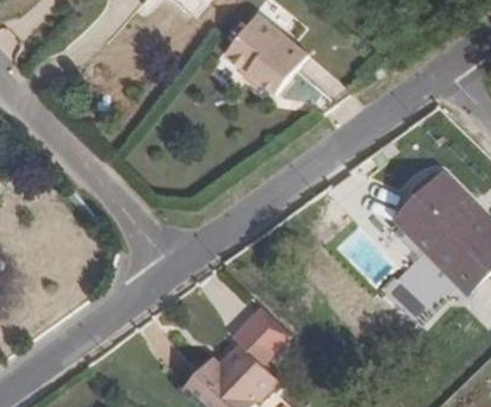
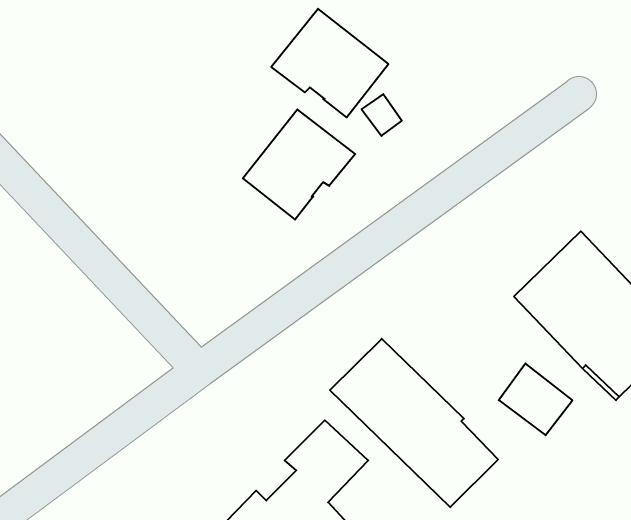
building: none -> [243,109,355,220]
building: none -> [330,339,498,507]

